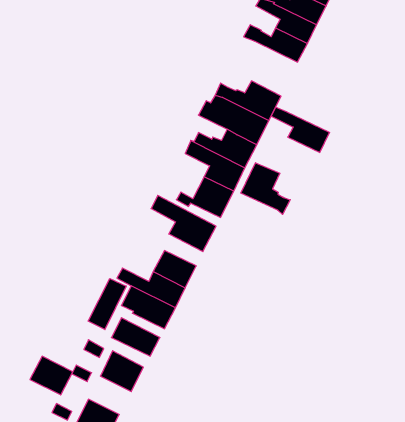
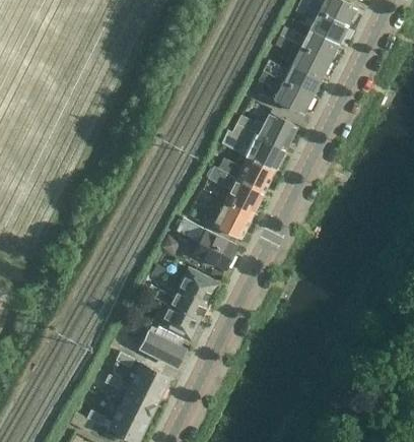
building: [271,107,330,152] -> [259,72,313,114]
building: [241,163,290,214] -> none
building: [88,279,126,330] -> none
building: [30,356,73,395] -> [120,385,159,421]

